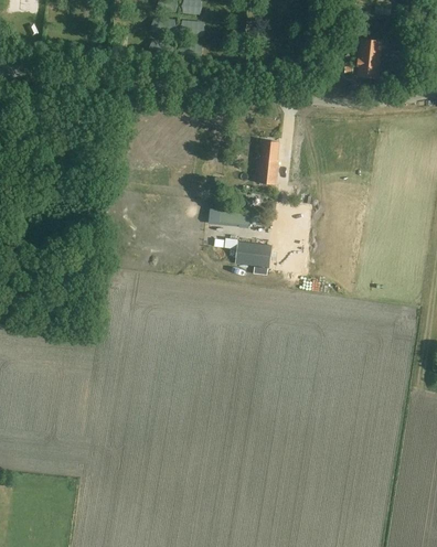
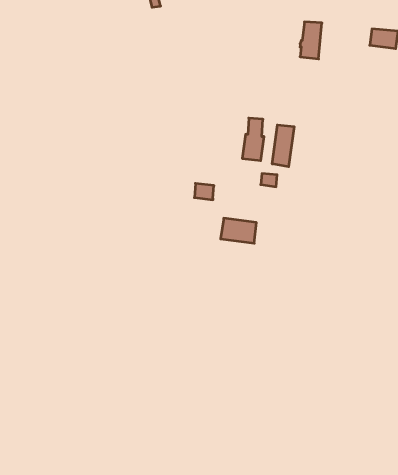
building: [358,40,380,77] -> [300,22,322,59]
building: none -> [272,125,294,167]

